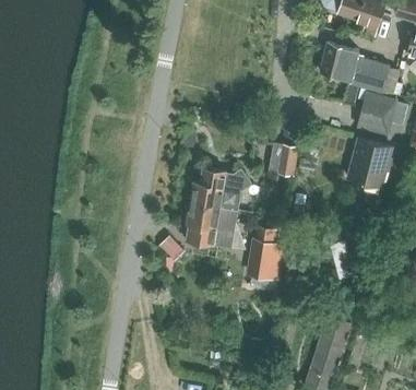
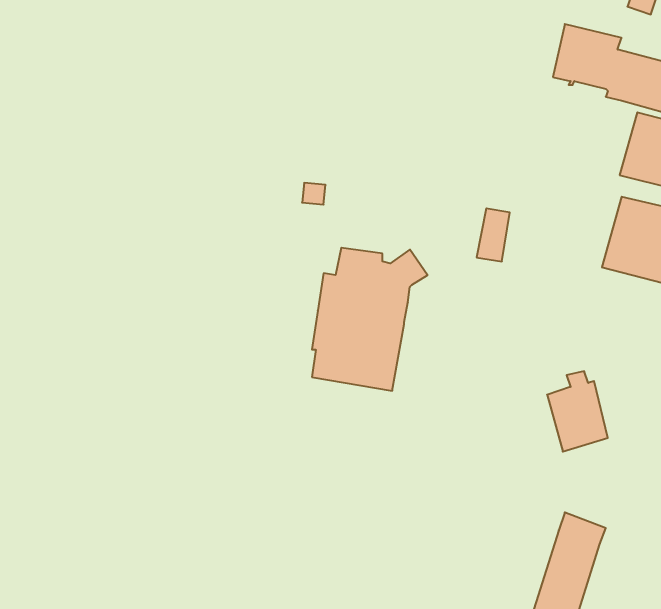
building: [251,227,283,279] -> none

